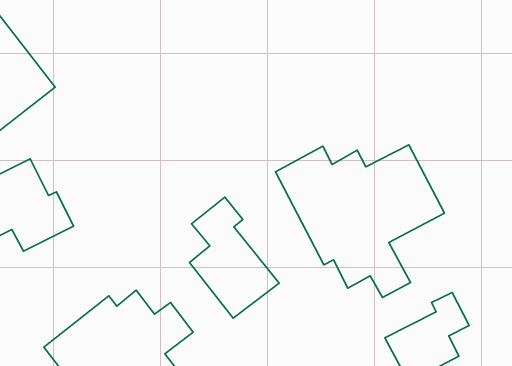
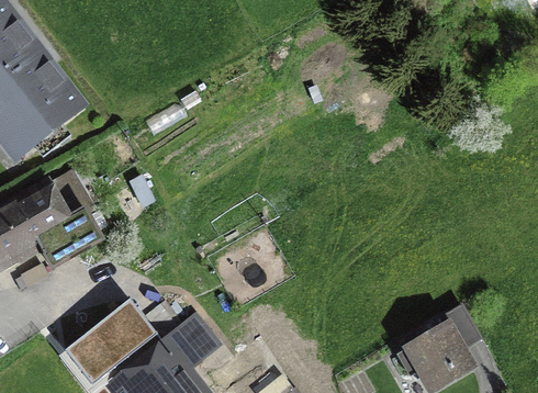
building: [275,145,445,298] -> none
building: [190,197,279,318] -> none

